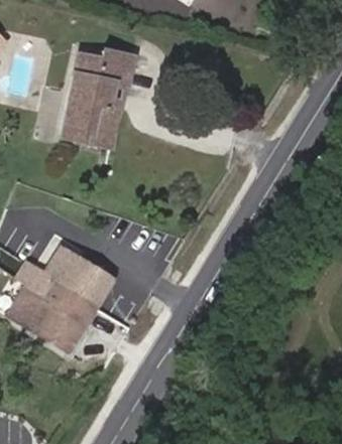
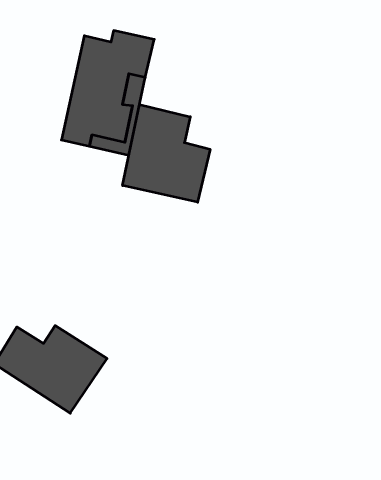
building: none -> [123,105,210,202]
building: [24,246,113,308] -> none

